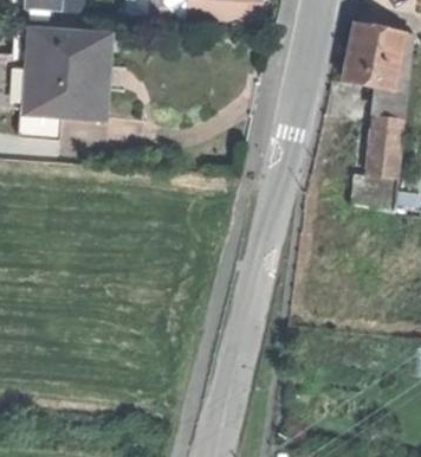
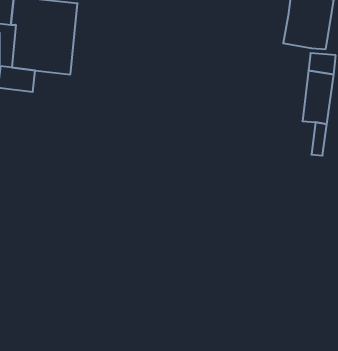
building: [349,167,386,208] -> none

